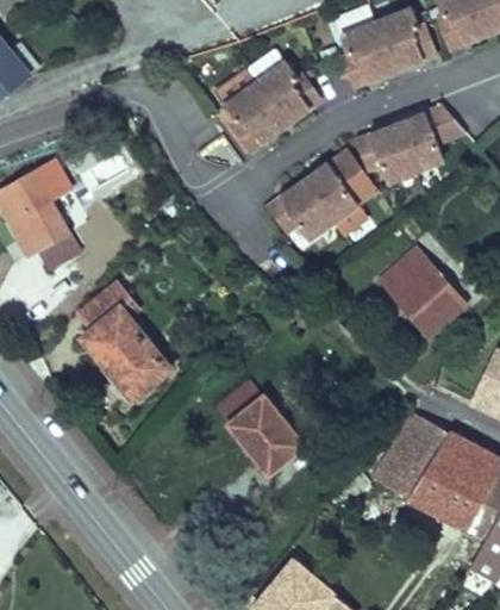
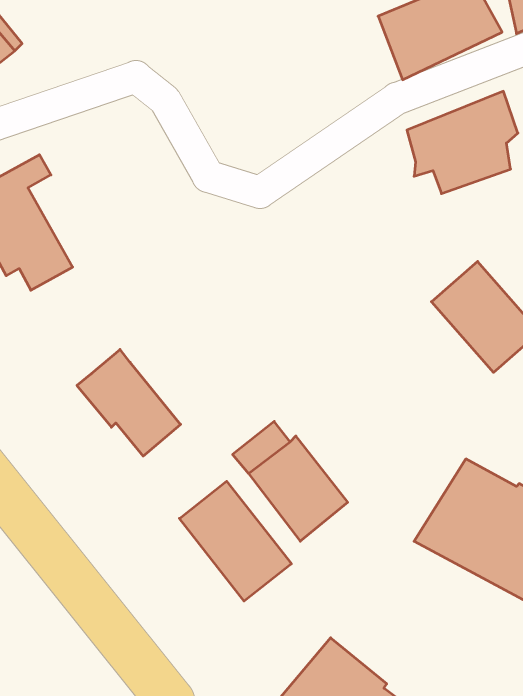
building: [213,67,323,160] -> none
building: [260,151,379,247] -> none
building: [83,291,142,337] -> none
building: none -> [179,481,291,601]

